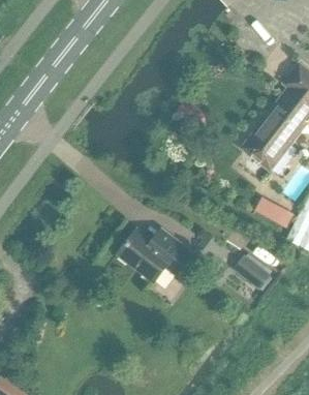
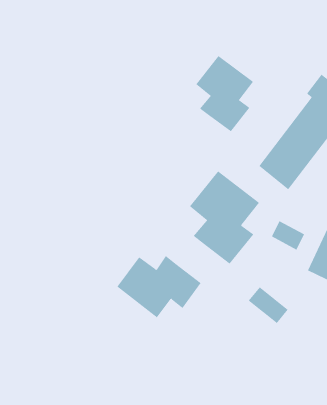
building: none -> [195,55,254,132]
building: none -> [189,171,260,265]

